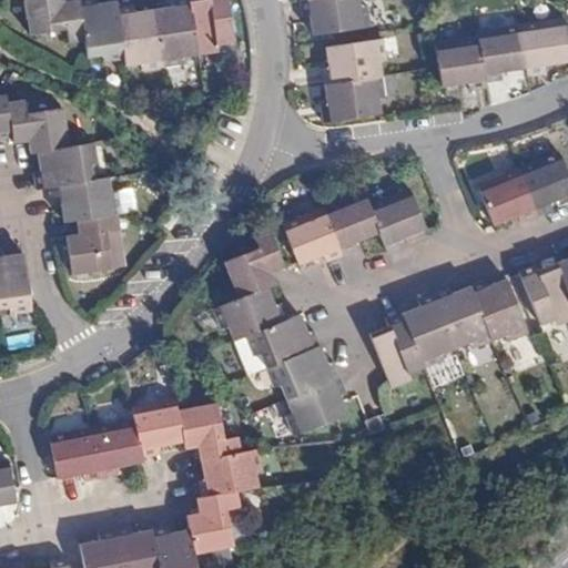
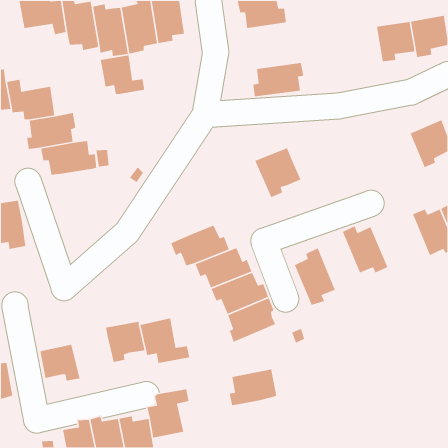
building: [321,39,387,87] -> none
building: [434,39,485,88] -> none
building: none -> [100,54,145,95]
building: [477,169,537,224] -> none
building: [369,183,427,248] -> none
building: [283,203,343,261] -> none
building: [67,214,121,275] -> none
building: [227,225,284,296] -> none
building: [469,278,528,339] -> none
building: [403,293,455,367] -> none
building: [91,426,143,479] -> none
building: [196,450,257,498] -> [229,368,277,406]

